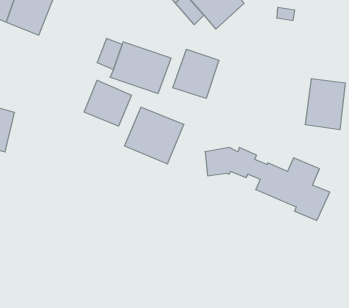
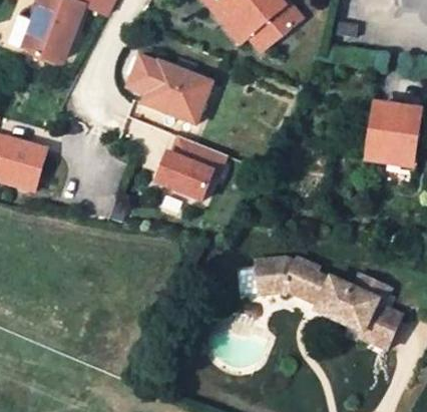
building: [173,49,219,98] -> none
building: [84,80,131,126] -> none
building: [205,147,330,220] -> [254,260,399,345]

